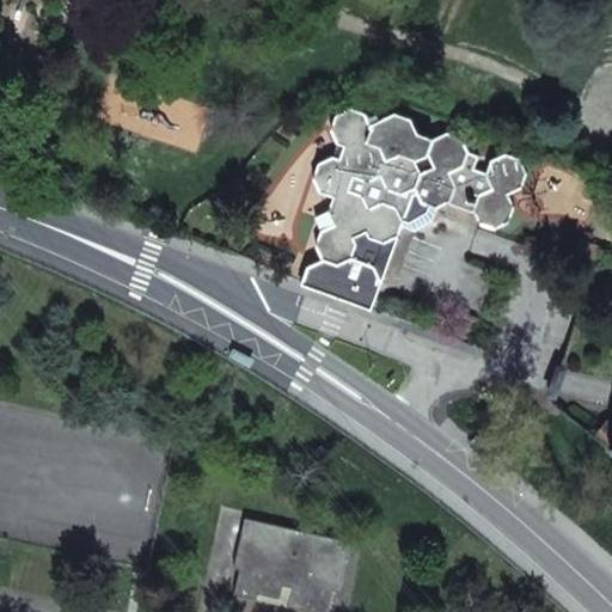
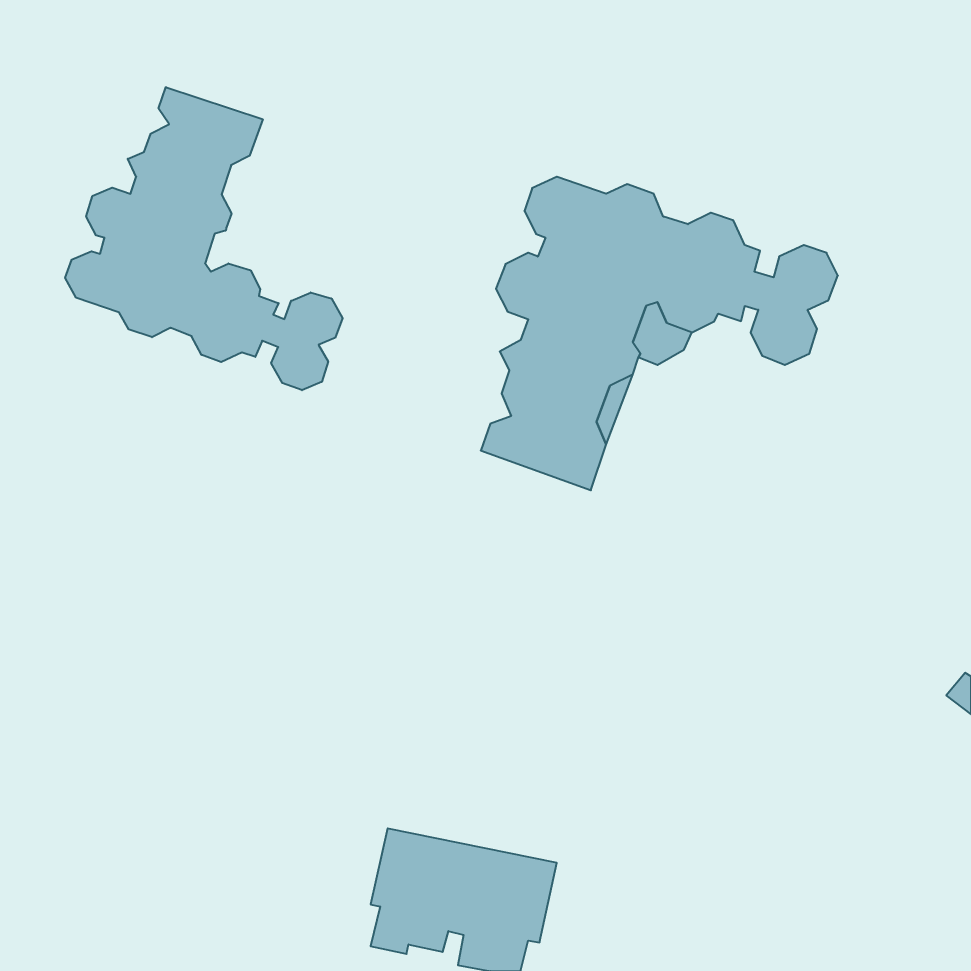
building: none -> [65,87,343,390]

